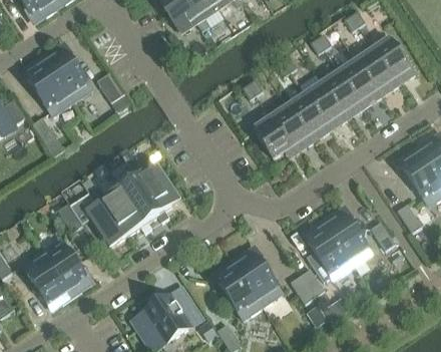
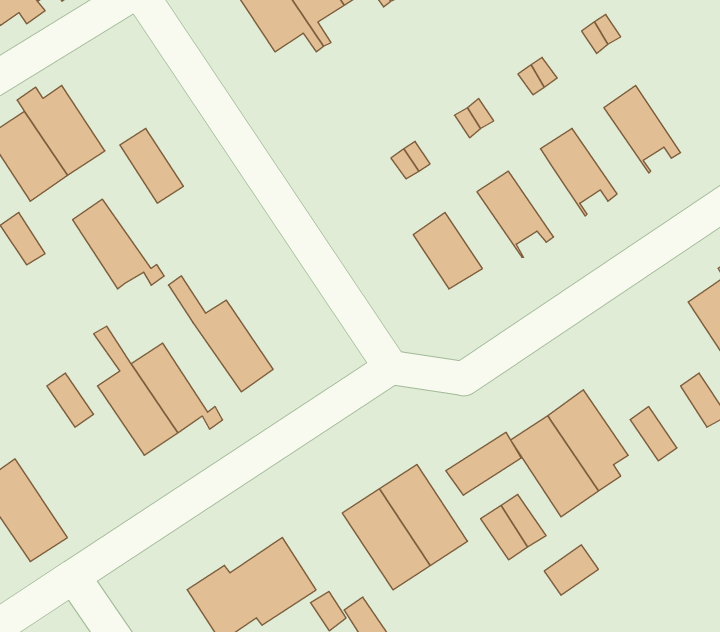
building: [373,37,414,84] -> none
building: [339,60,380,106] -> none
building: [305,82,346,129] -> none
building: [271,105,312,146] -> none
building: [119,175,168,224] -> [73,199,164,289]
building: none -> [446,432,521,495]
building: [40,236,88,291] -> none

